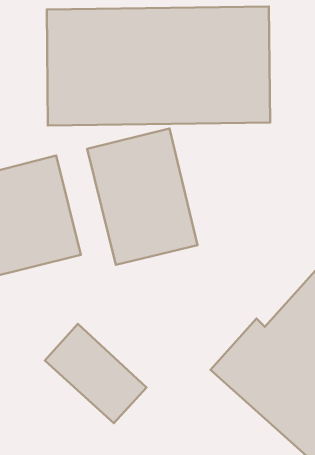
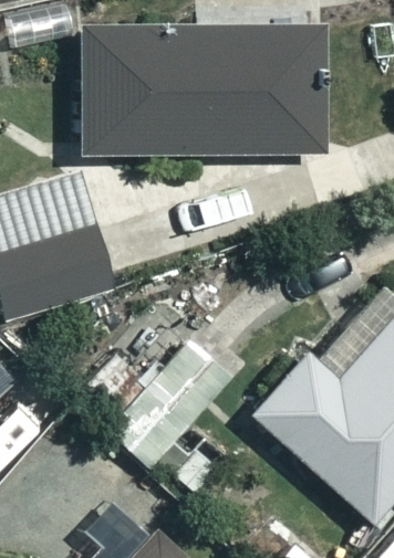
building: [87,128,198,265] -> none

